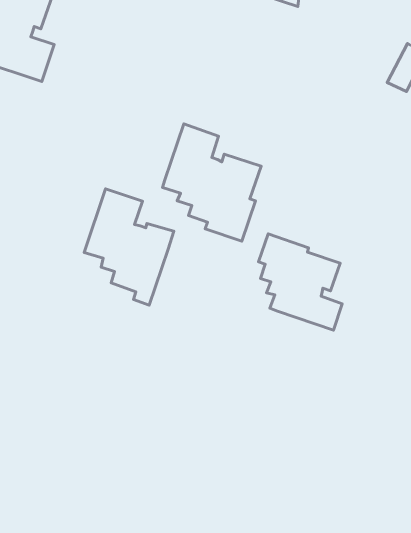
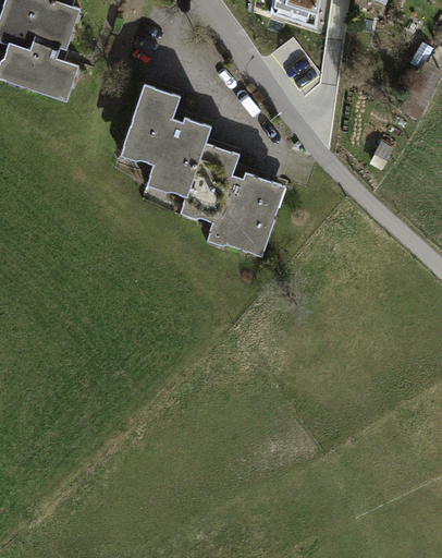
building: [84,189,174,305] -> [123,84,210,197]
building: [259,234,342,330] -> none

